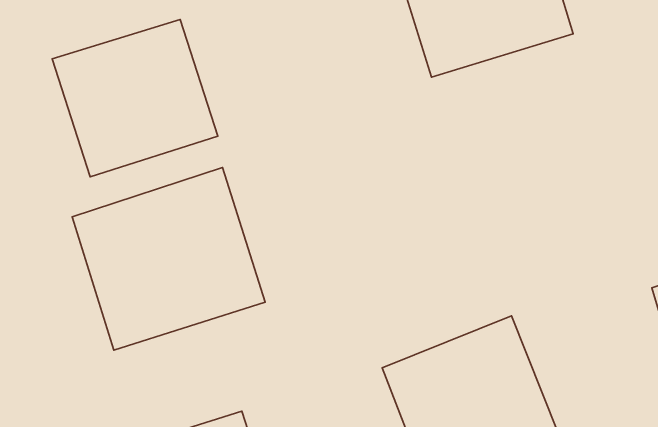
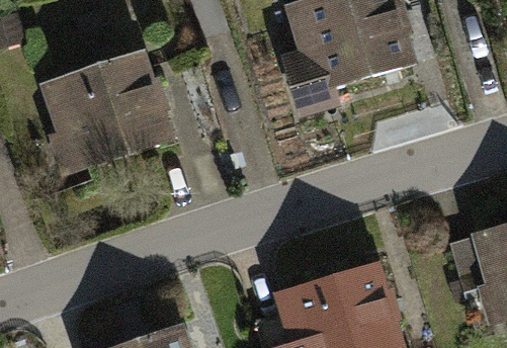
building: [72,167,265,350] -> none

